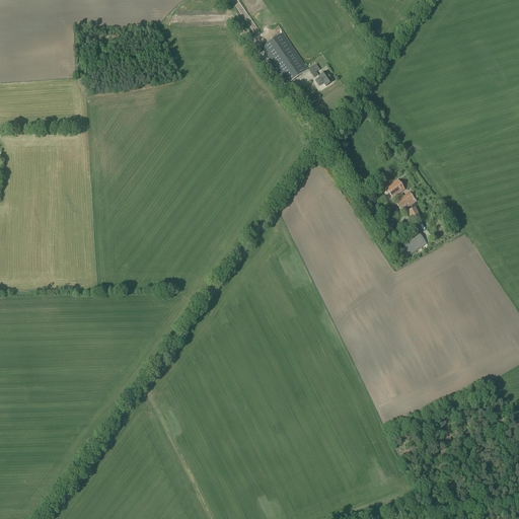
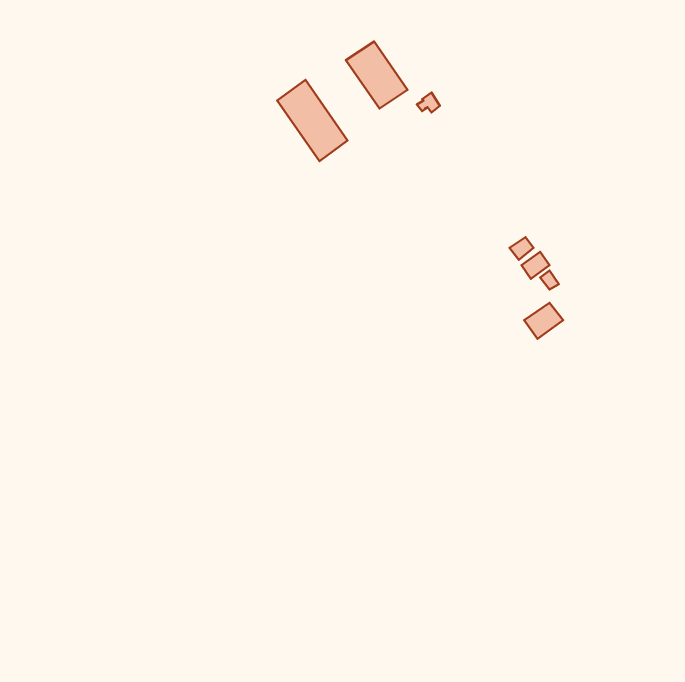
building: none -> [277,80,348,161]

